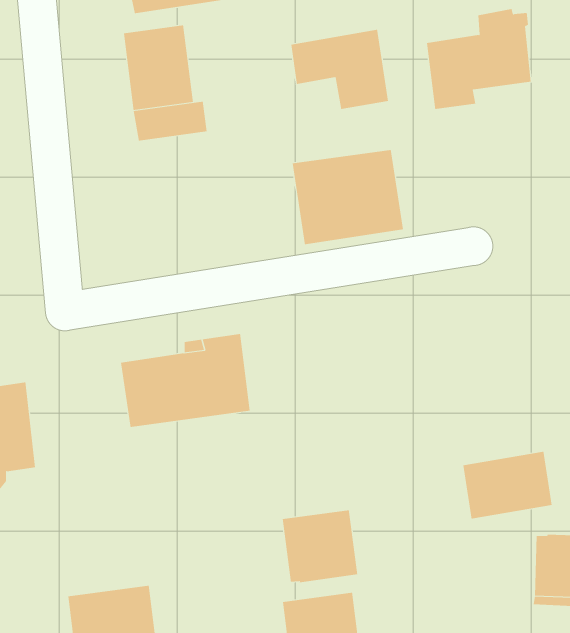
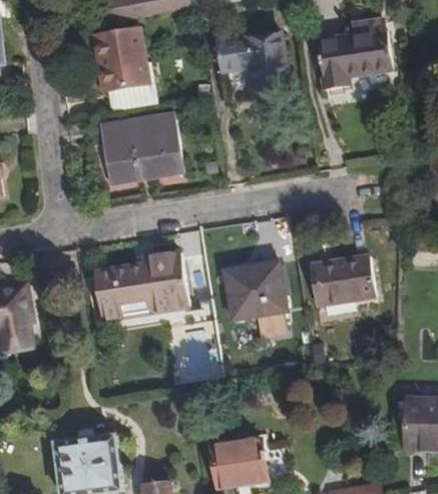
building: [292,149,404,245] -> [101,113,182,182]
building: none -> [226,262,288,320]
building: [462,451,552,519] -> [311,255,376,304]
building: [282,509,358,583] -> none

